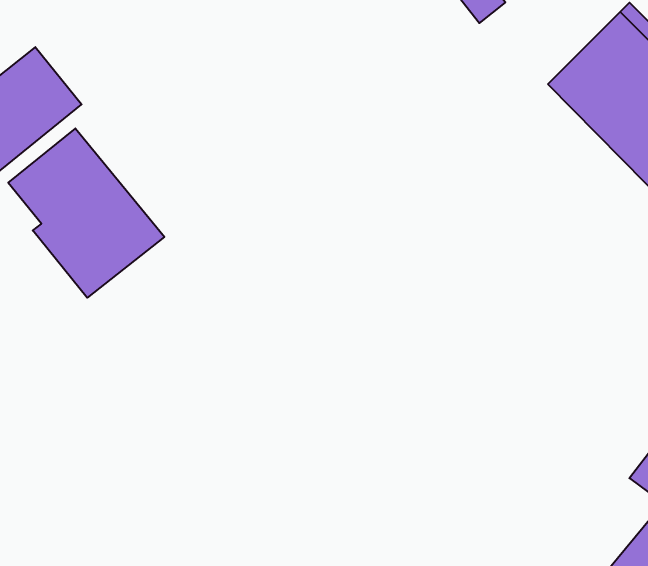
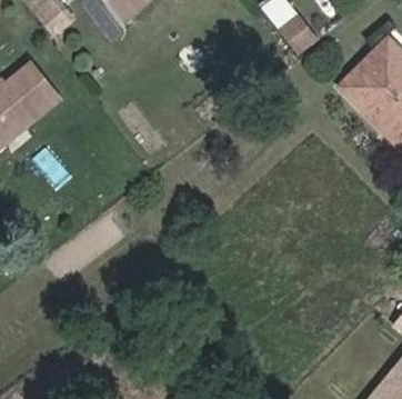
building: [8,128,164,298] -> none

